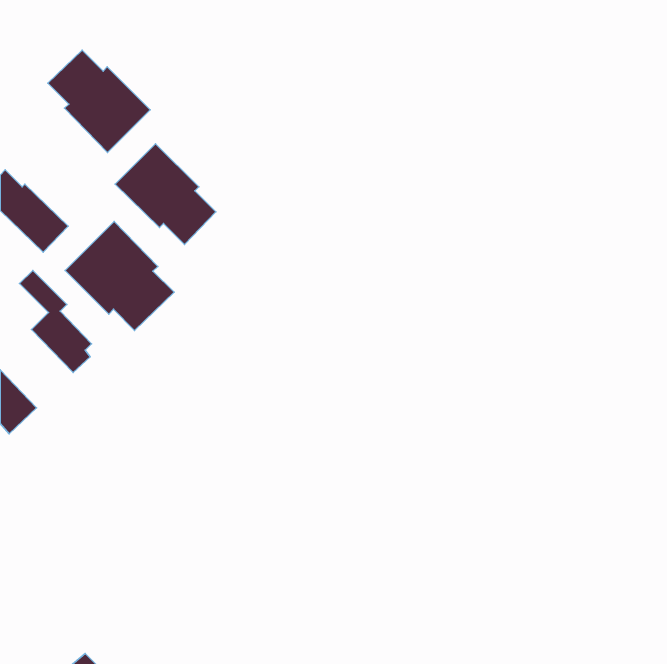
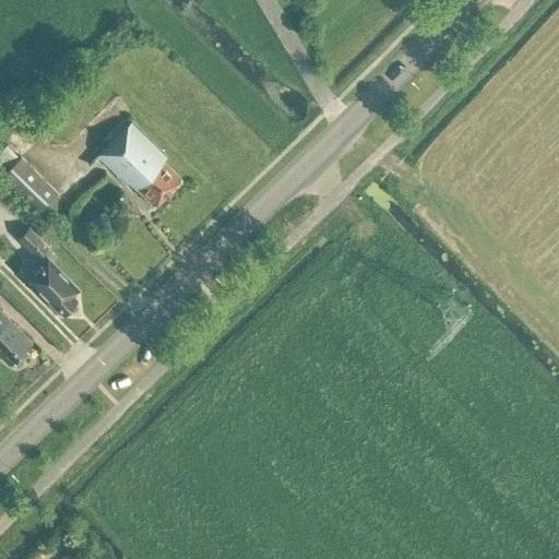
building: [48,50,150,153] -> none
building: [65,222,174,330] -> none

